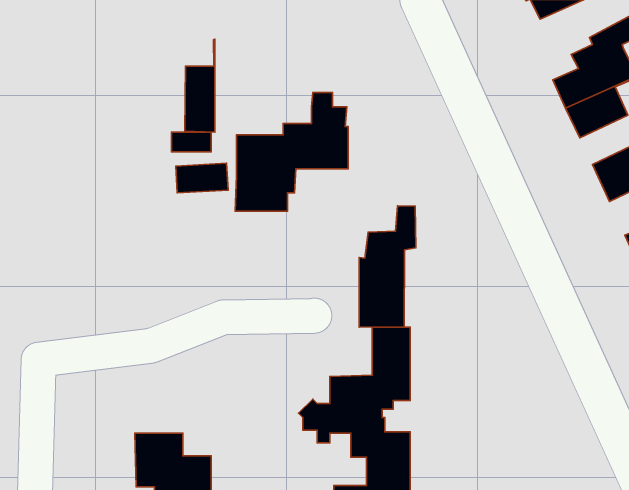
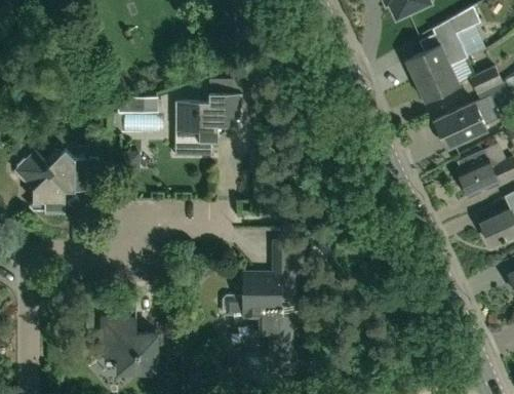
building: [185,39,215,132] -> none
building: none -> [11,147,97,212]
building: [359,206,416,327] -> none

